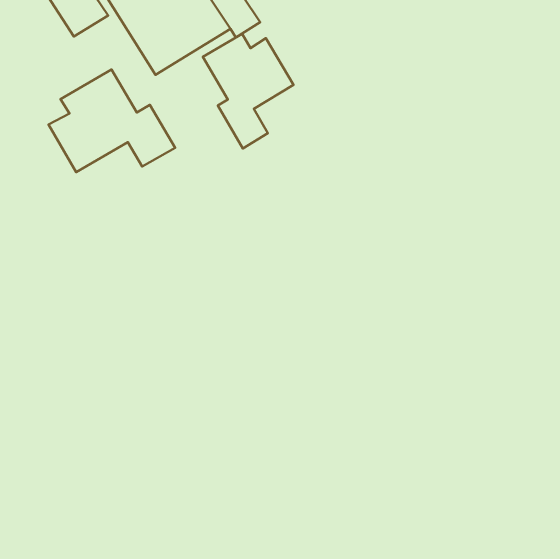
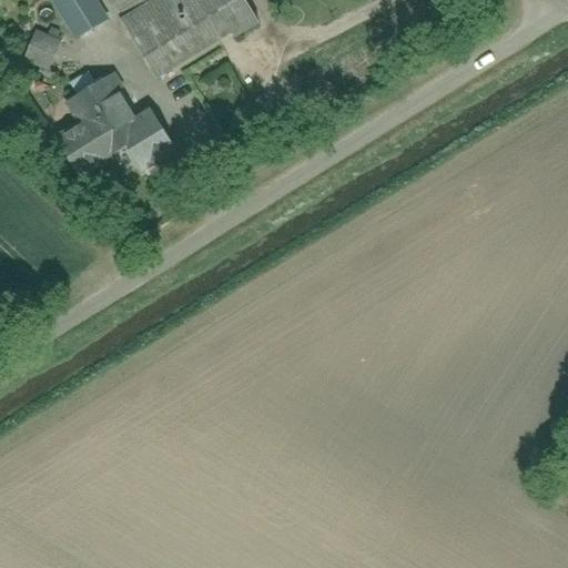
building: none -> [22,27,61,68]
building: [203,34,293,148] -> none

